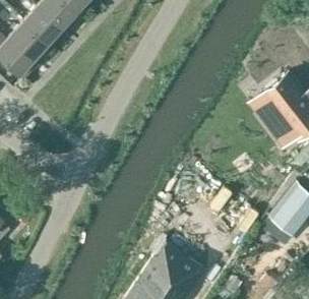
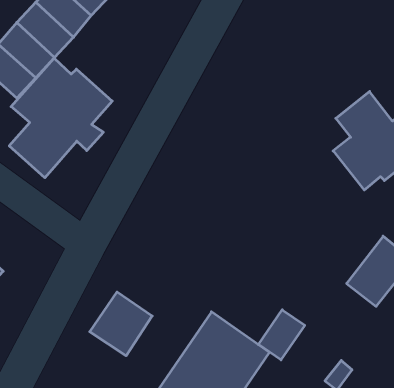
building: none -> [9,58,112,178]
building: none -> [90,292,152,356]
building: none -> [258,310,305,360]

